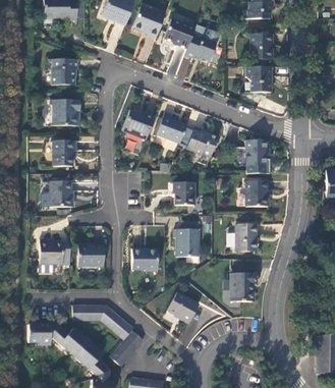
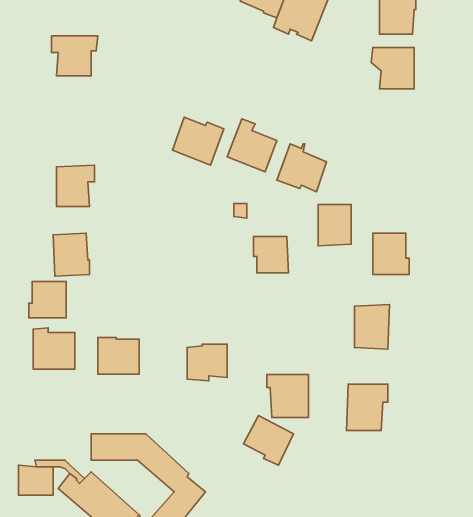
building: [52,100,79,125] -> none
building: [245,140,266,165] -> [318,204,351,246]
building: none -> [29,282,66,318]
building: [174,229,200,256] -> [267,374,308,417]

